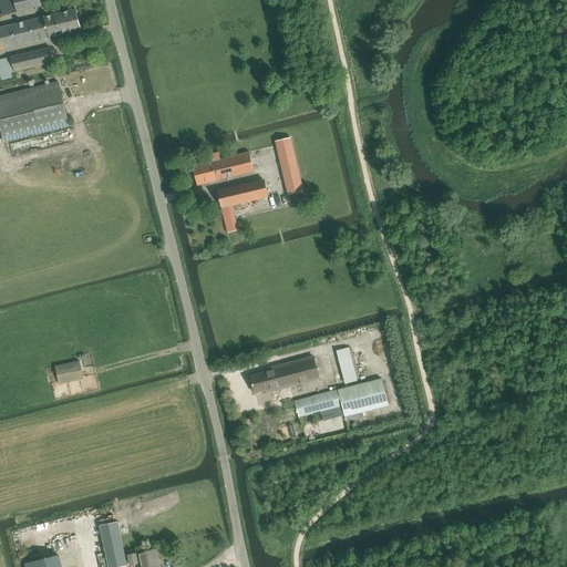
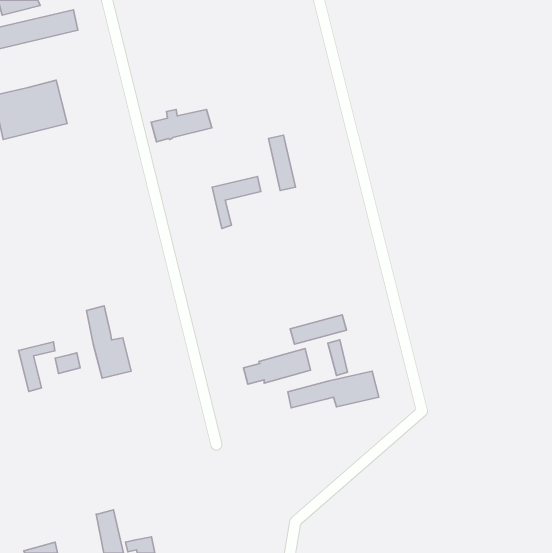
building: [10,48,52,76] -> none
building: [192,153,254,186] -> [151,109,212,142]
building: none -> [86,306,131,378]
building: none -> [290,315,346,344]
building: none -> [18,342,55,391]

